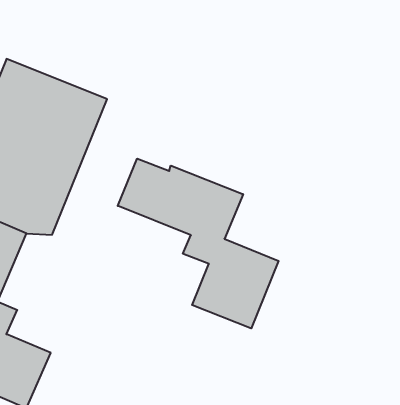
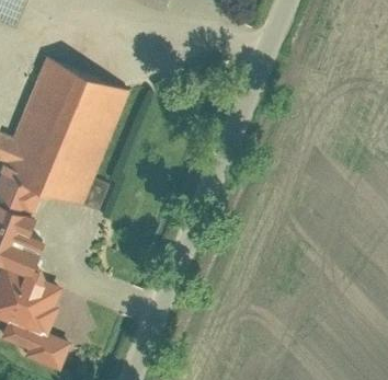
building: [118,159,279,328] -> none

